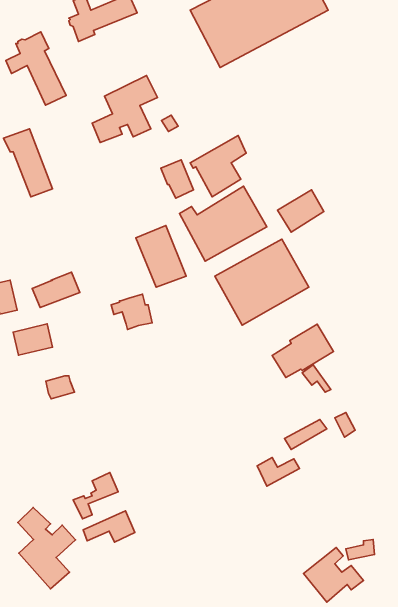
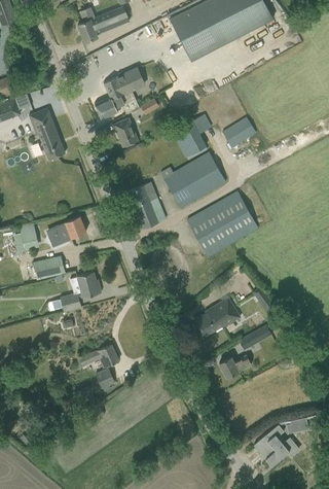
building: [6,32,66,105] -> none
building: [161,160,193,198] -> [113,117,138,146]
building: [278,190,324,232] -> [221,116,256,148]
building: [111,294,152,330] -> [70,271,101,298]
building: [272,324,333,377] -> [193,296,240,337]
building: [18,508,76,589] -> none
building: [83,511,135,542] -> [79,344,118,368]

